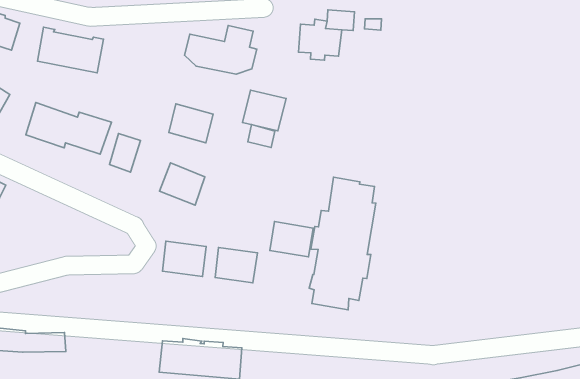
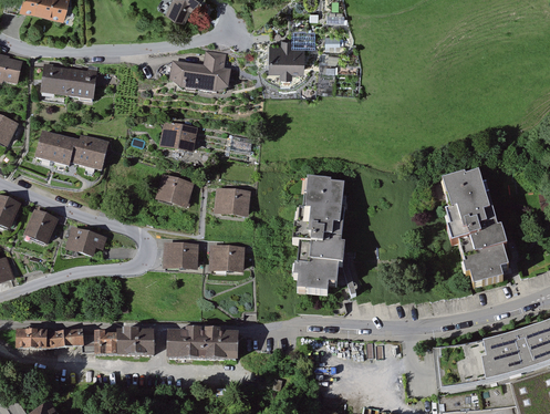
building: [243,90,286,131] -> none
building: [109,133,140,172] -> none
building: none -> [442,167,510,283]
building: none -> [23,208,60,245]
building: none -> [66,226,107,256]
building: [270,222,313,257] -> [215,187,251,216]
building: none -> [94,327,154,354]

